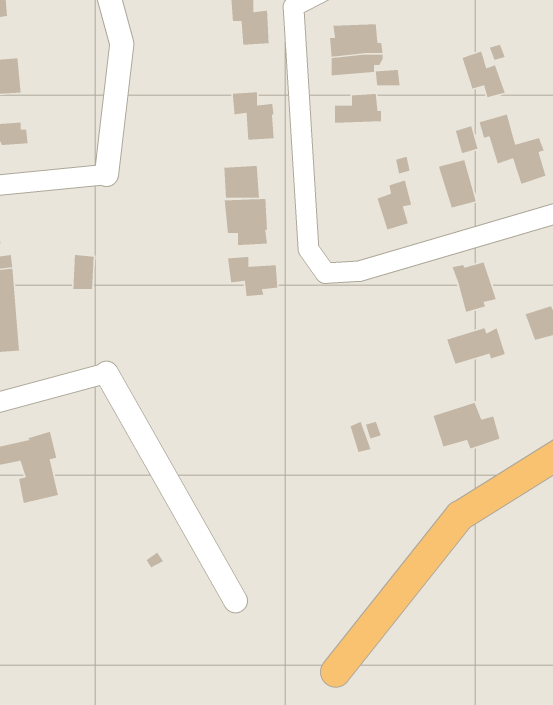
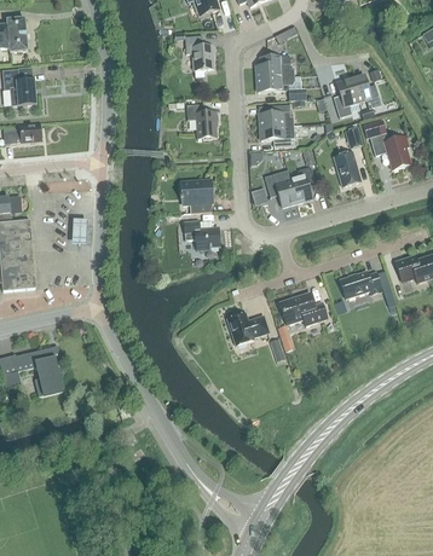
building: none -> [333,79,357,117]
building: none -> [259,124,295,147]
building: [223,165,260,199] -> none
building: none -> [264,172,296,207]
building: [451,262,497,313] -> none
building: none -> [226,312,269,344]
building: [433,402,501,449] -> [278,291,327,325]

